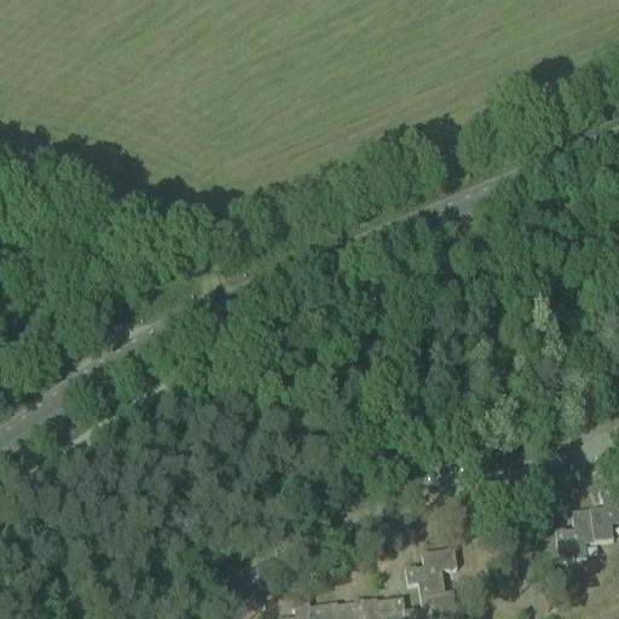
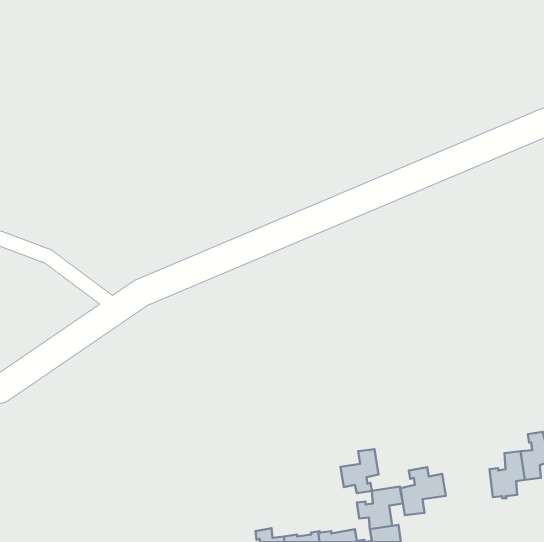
building: none -> [341,449,378,493]
building: none -> [401,467,446,515]

